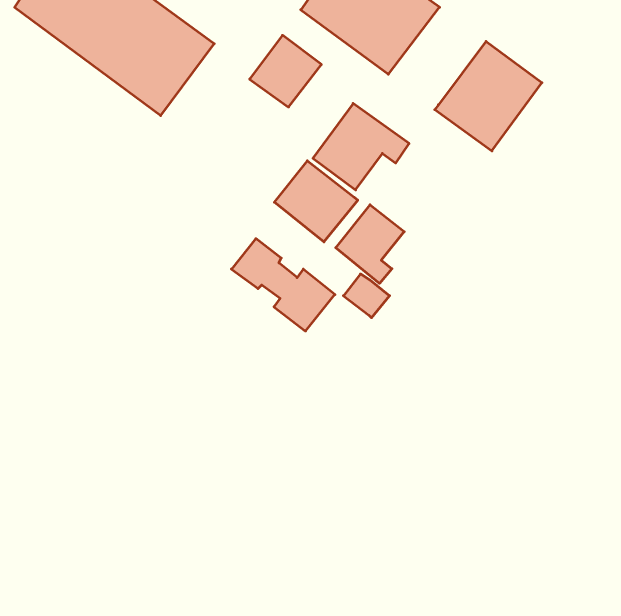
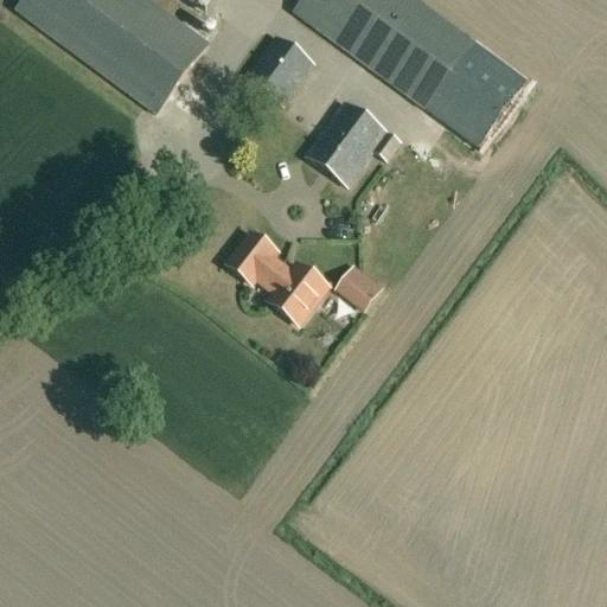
building: none -> [378,7,473,107]
building: [274,161,358,242] -> none
building: [336,205,404,283] -> none

